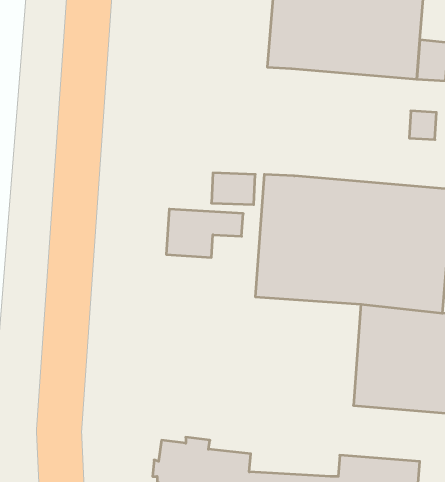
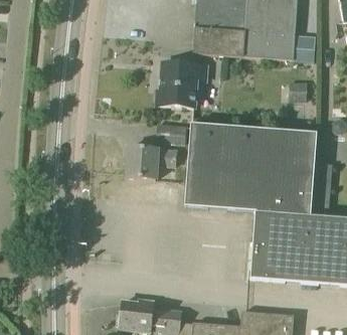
building: none -> [157,62,206,107]

